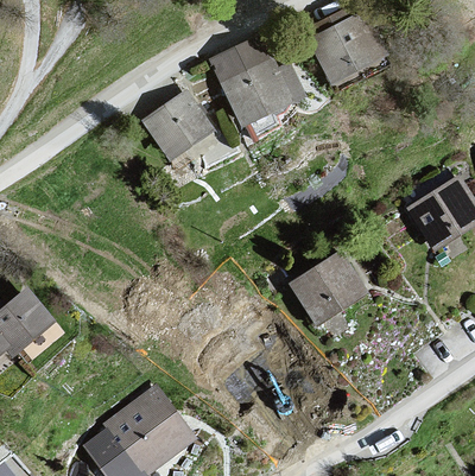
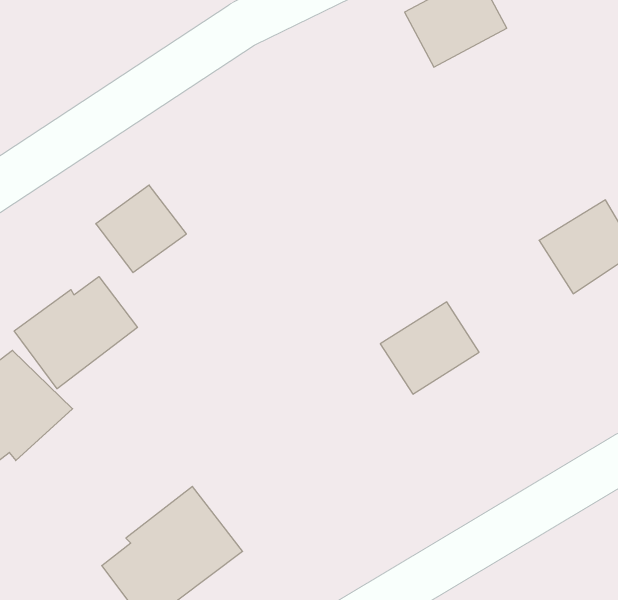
building: [209,36,299,122] -> none
building: [142,91,209,156] -> [96,185,186,273]
building: none -> [14,277,137,389]

